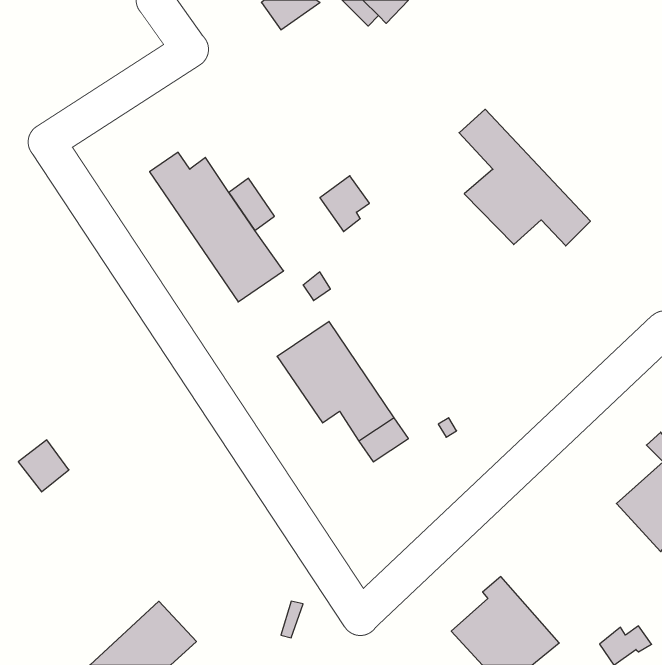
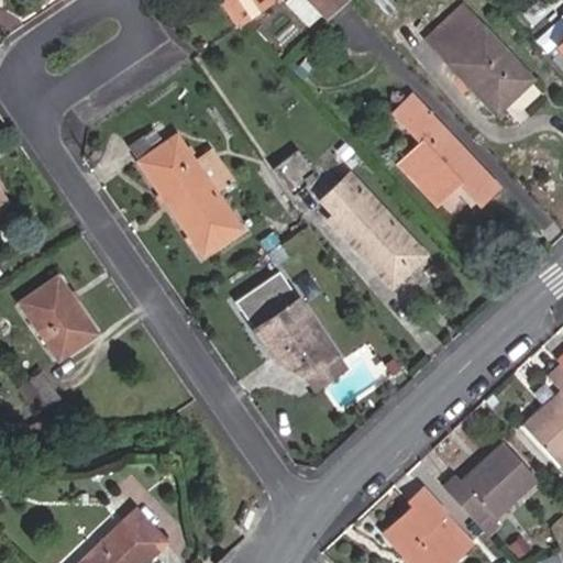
building: none -> [432,5,533,113]
building: none -> [324,175,426,287]
building: none -> [20,276,97,360]
building: none -> [443,440,538,537]

